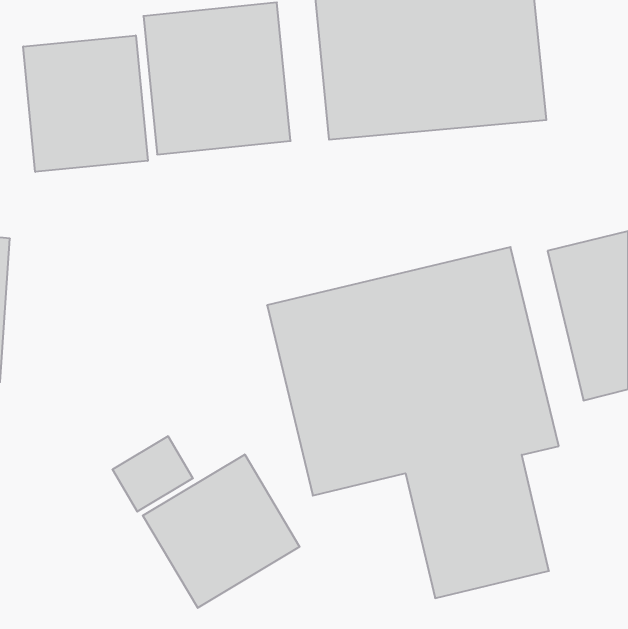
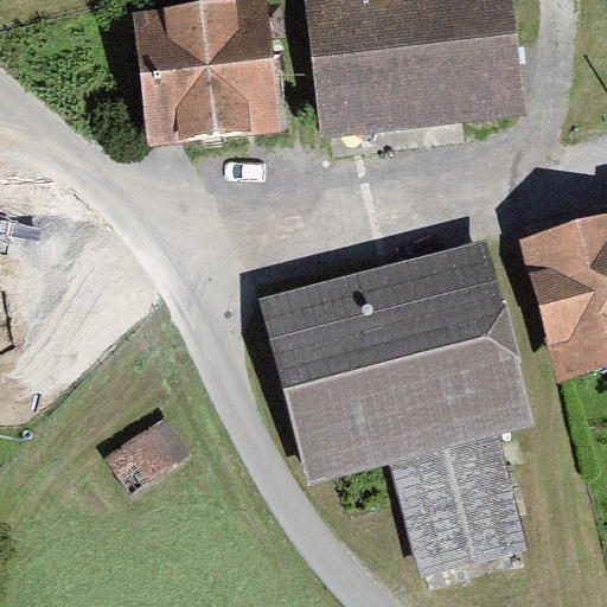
building: [23,35,148,172] -> none
building: [143,454,300,608] -> none

